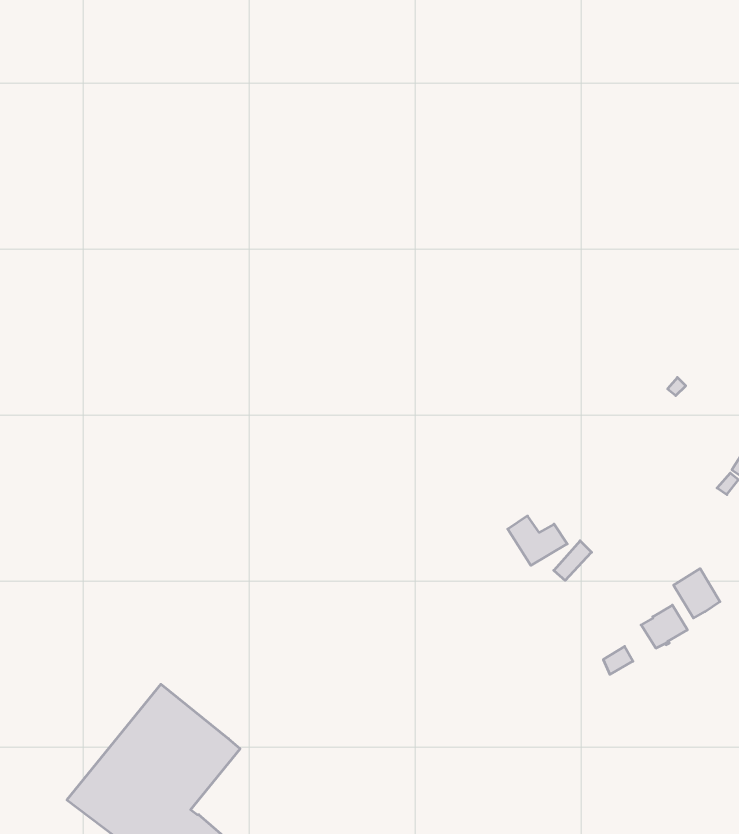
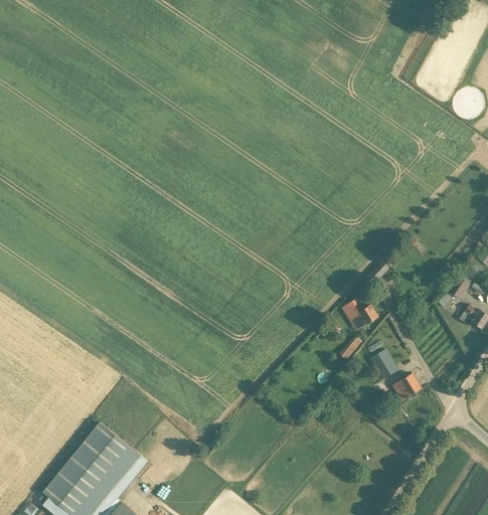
building: [508,516,567,565] -> [342,301,378,331]
building: [674,569,720,618] -> [370,350,398,380]

